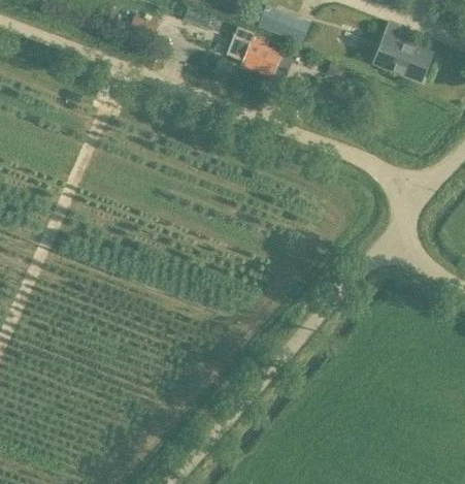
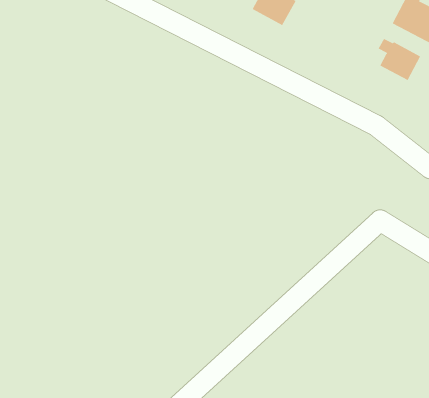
building: none -> [378,38,421,81]

